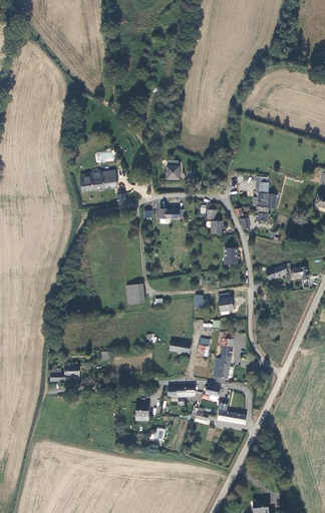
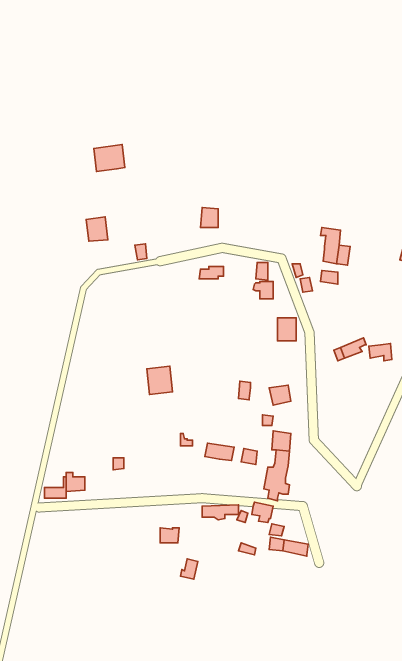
building: [94,168,117,188] -> [94,145,125,172]

